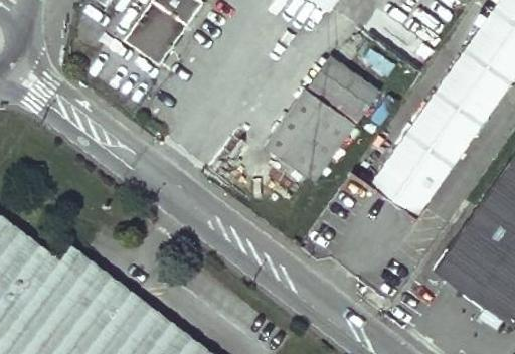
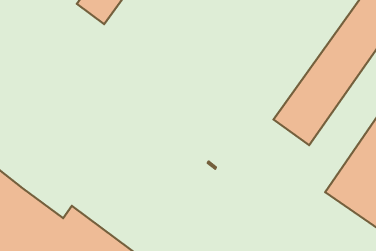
building: [310,53,379,118] -> none
building: [267,88,353,178] -> none
building: [59,250,121,304] -> none

